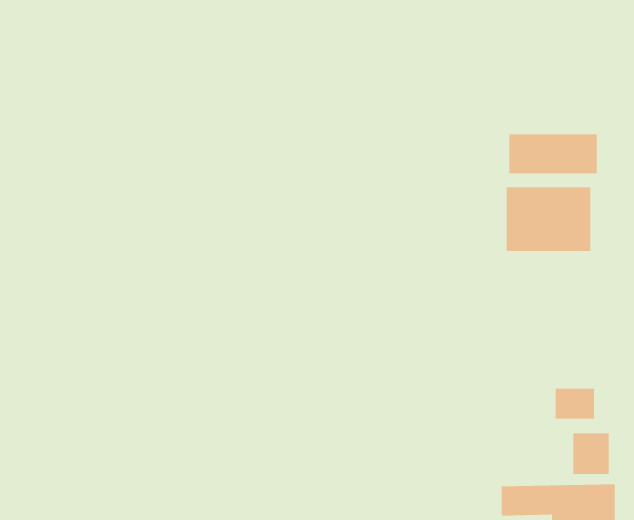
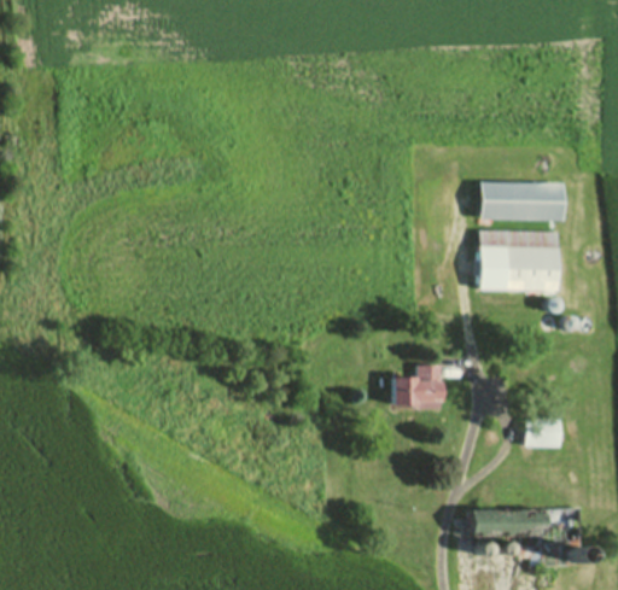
building: none -> [395,367,443,409]
building: [573,432,609,475] -> none

